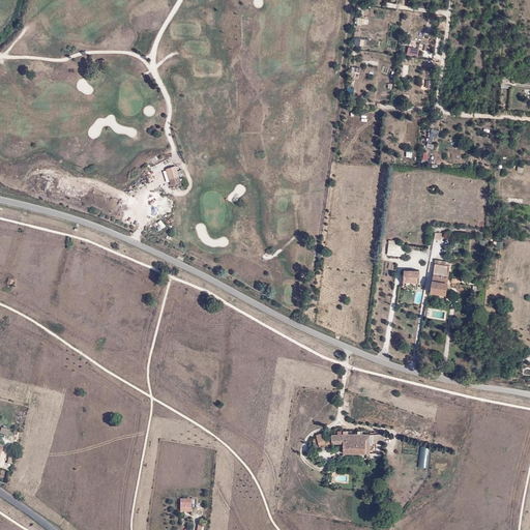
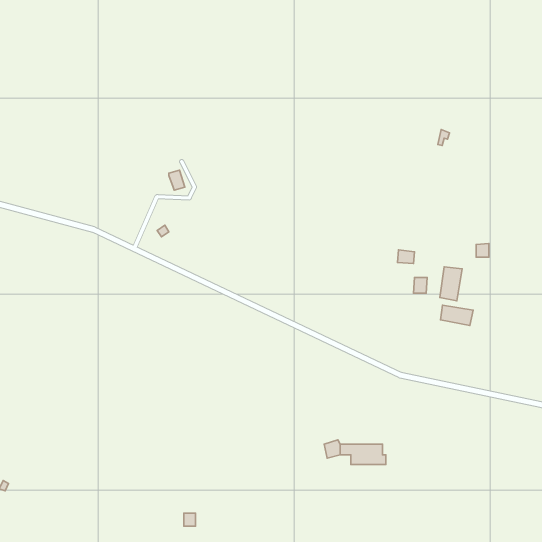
building: none -> [440,305,473,326]

